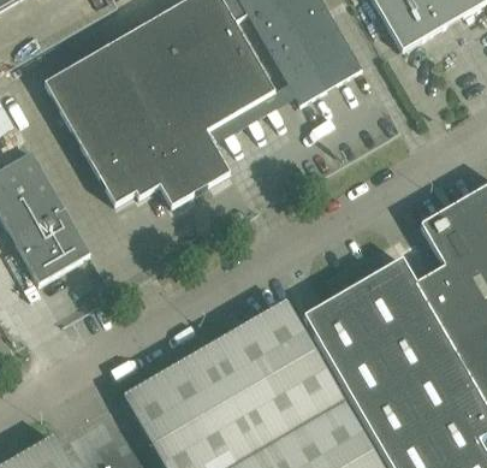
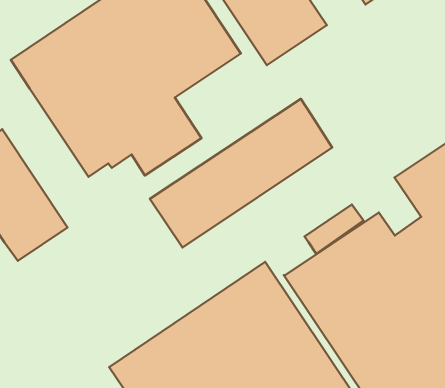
building: none -> [150,99,332,248]

